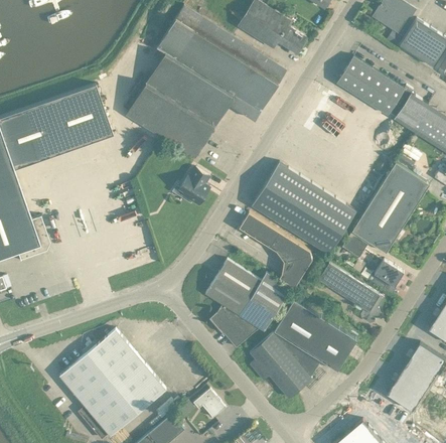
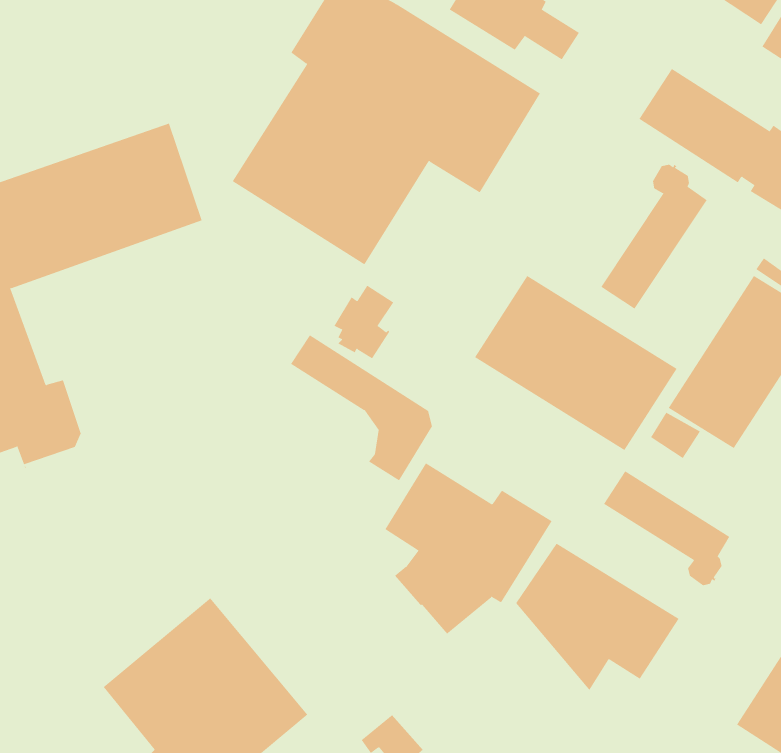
building: none -> [601,164,707,309]
building: [238,212,311,288] -> [290,335,433,481]
building: [360,260,403,290] -> none
building: [249,332,311,399] -> none

